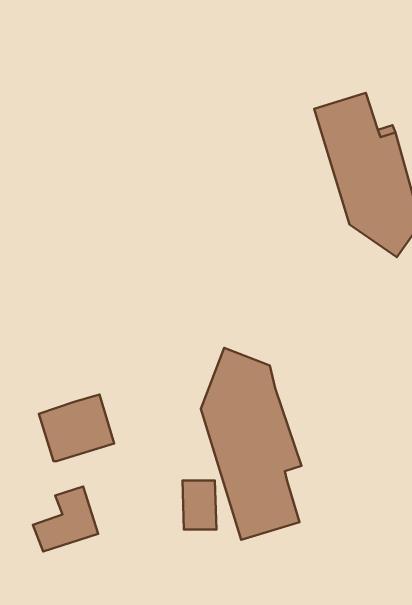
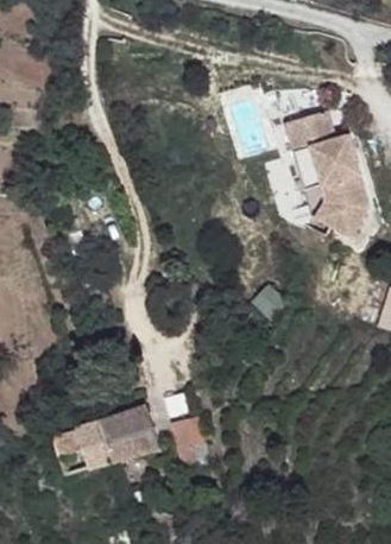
building: [201,348,302,540] -> none
building: [39,394,114,461] -> [100,406,160,460]

